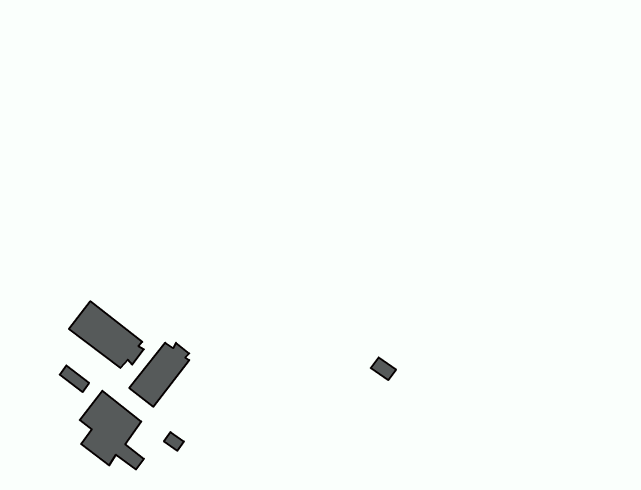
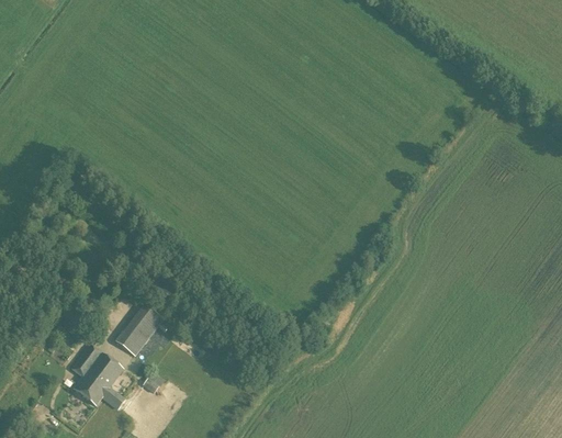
building: [69,301,144,368] -> none

